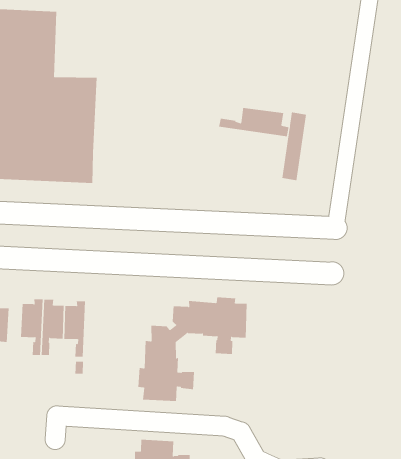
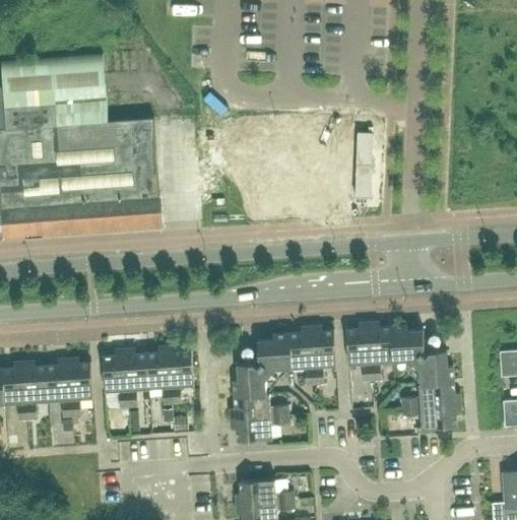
building: [219,107,289,137] -> none
building: none -> [345,323,461,430]
building: none -> [168,346,194,405]

